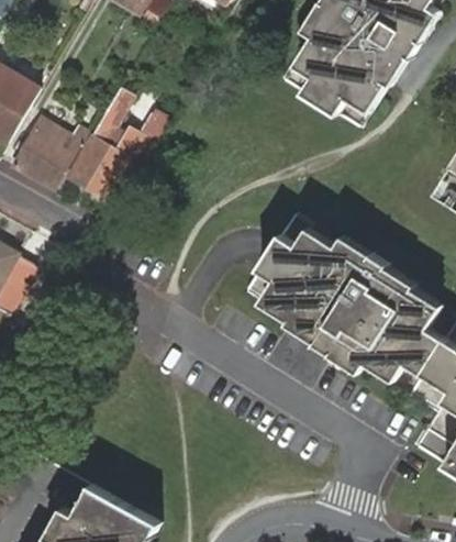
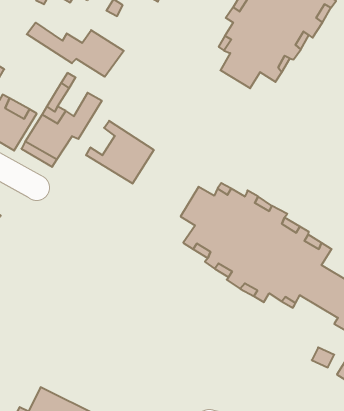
building: none -> [27,23,124,77]
building: none -> [86,121,154,184]

